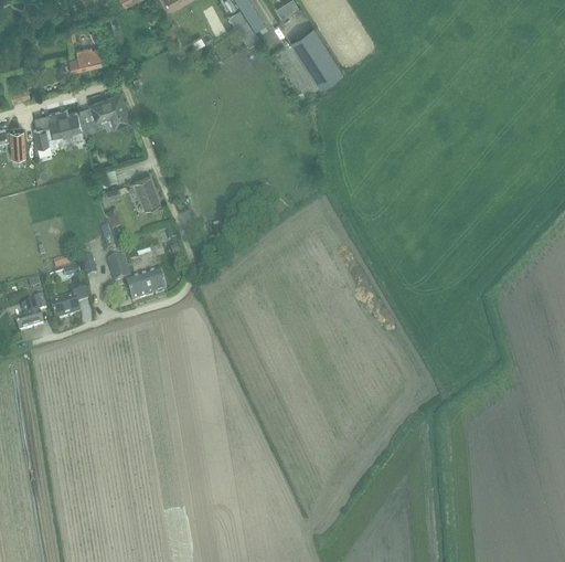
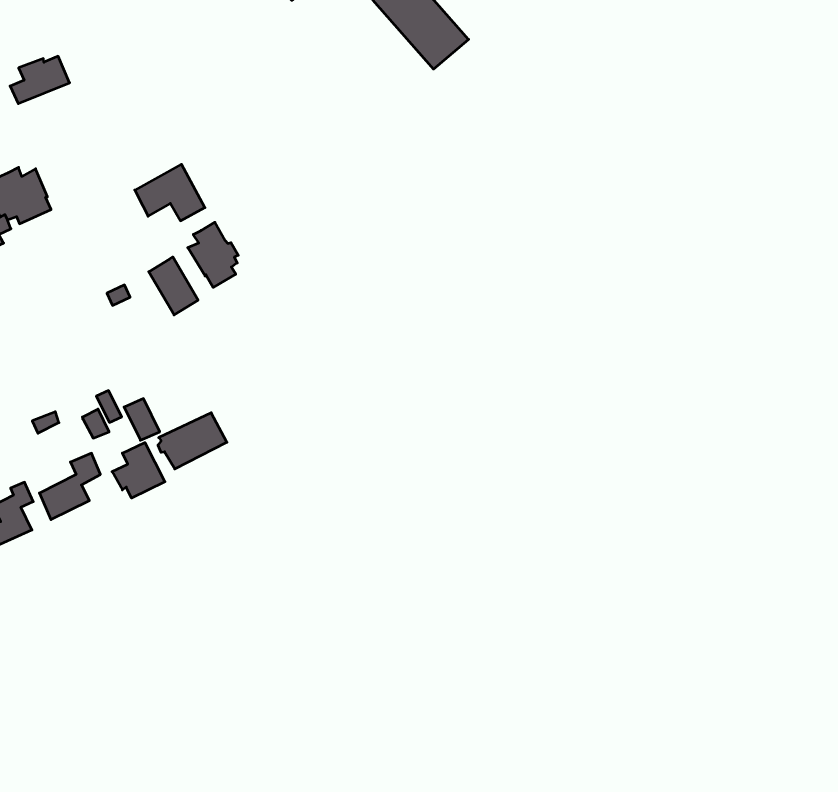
building: [89,93,129,126] -> [135,164,205,221]
building: none -> [188,222,238,287]
building: none -> [112,443,165,498]

